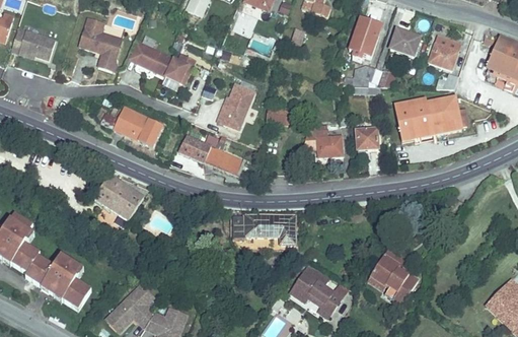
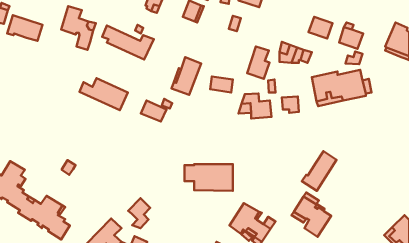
building: [350,17,378,58] -> [247,46,270,79]
building: [205,146,242,175] -> none
building: [95,176,144,221] -> none
building: none -> [302,151,337,191]
building: none -> [128,198,150,228]

